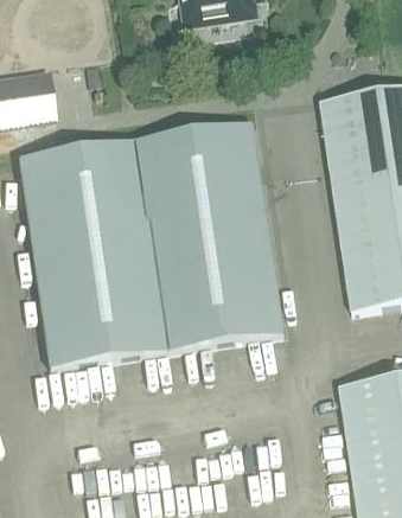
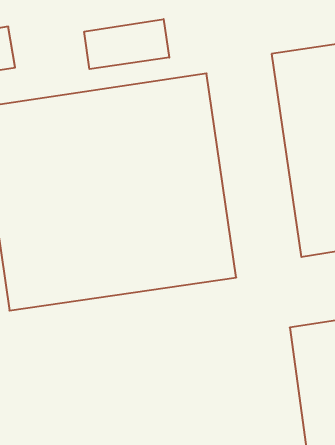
building: none -> [84,19,169,69]

